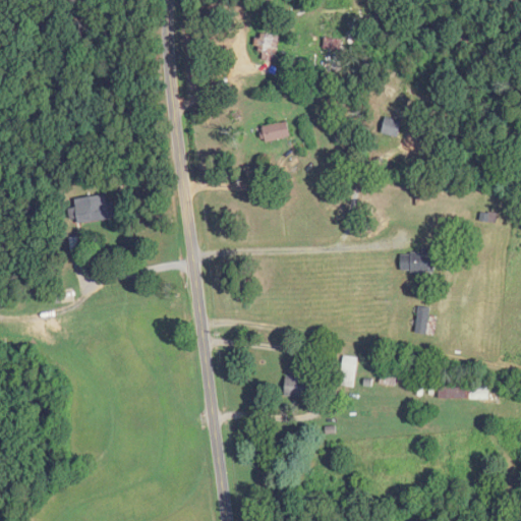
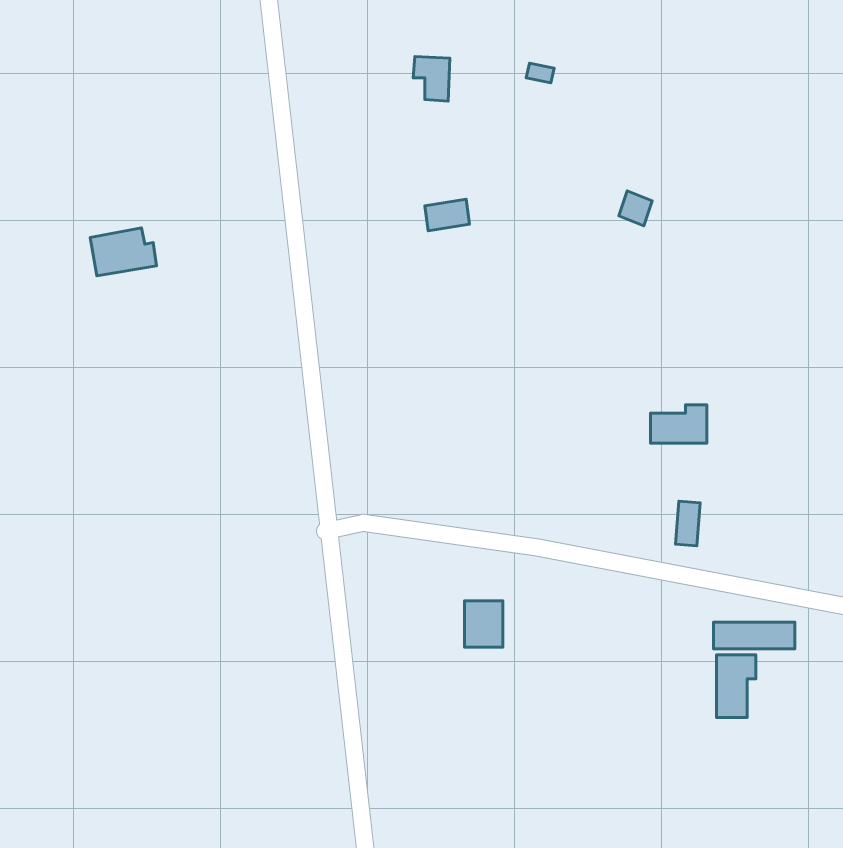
building: [72,194,113,224] -> [90,228,157,276]
building: [337,355,357,388] -> none
building: none -> [717,655,756,718]

